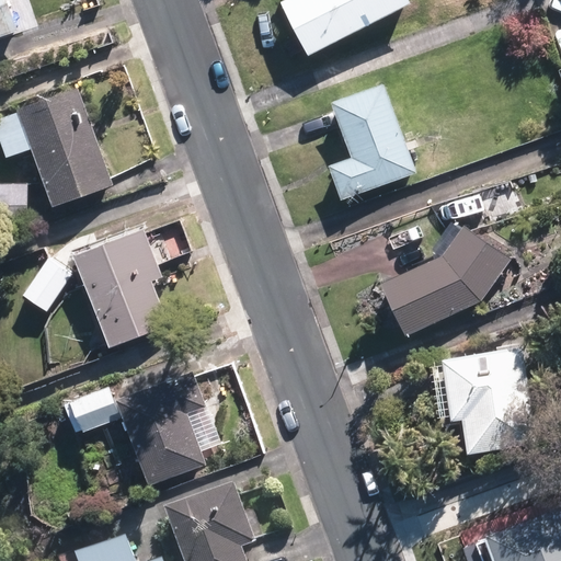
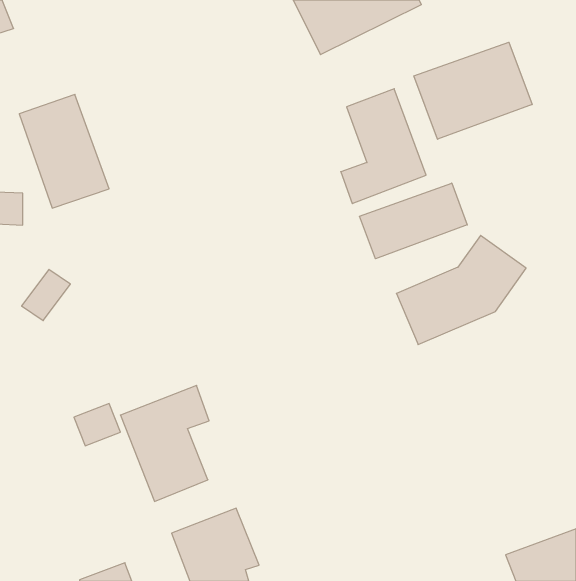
building: none -> [414,42,532,139]
building: none -> [359,183,467,259]
building: [75,231,163,343] -> none
building: [443,348,531,449] -> none

